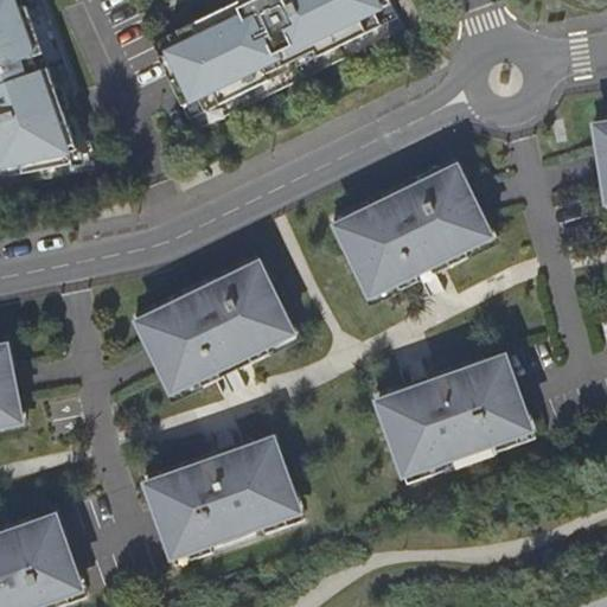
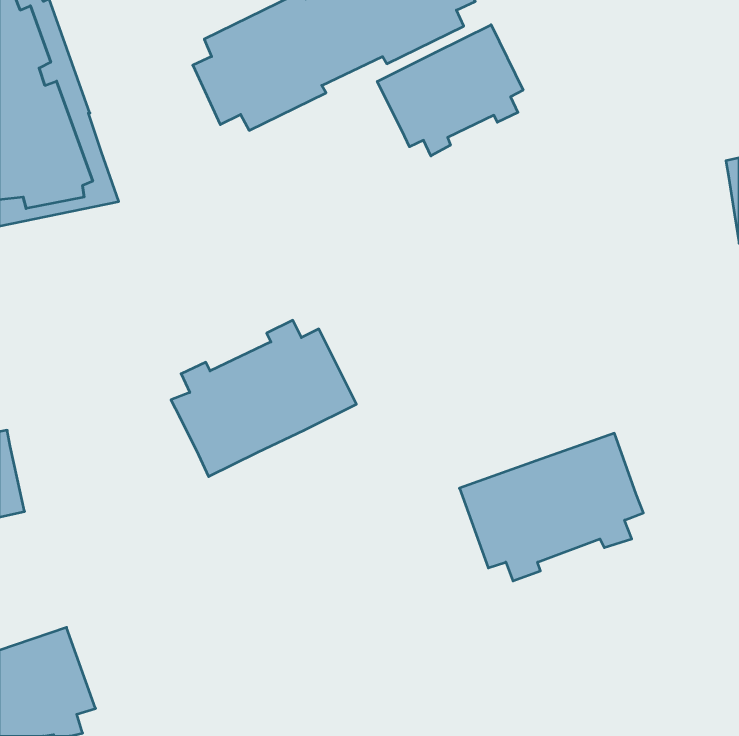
building: none -> [377,25,523,156]
building: [337,165,490,294] -> none
building: [145,436,295,557] -> none

